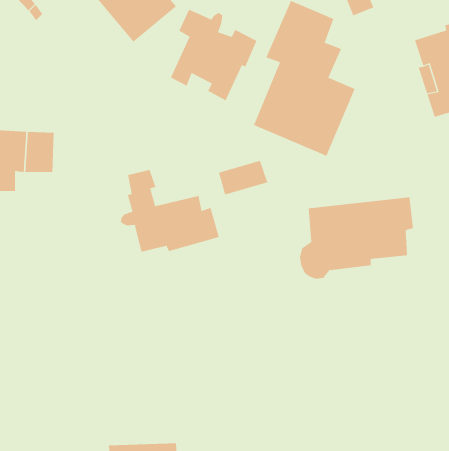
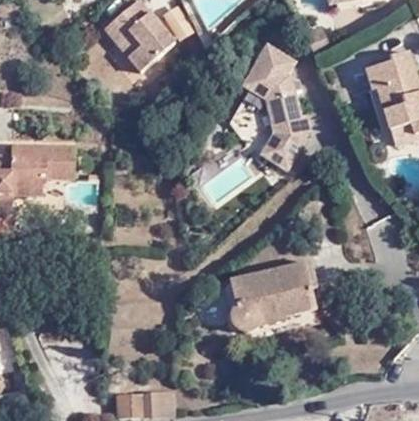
building: [170,9,257,101] -> none
building: [120,169,220,252] -> none
building: [299,197,414,279] -> [230,264,322,330]

